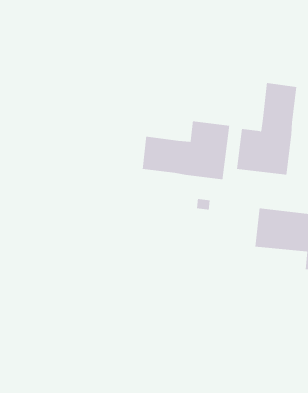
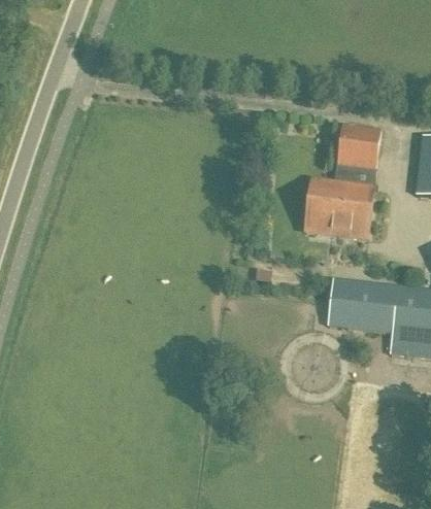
building: [142,120,230,180] -> none

